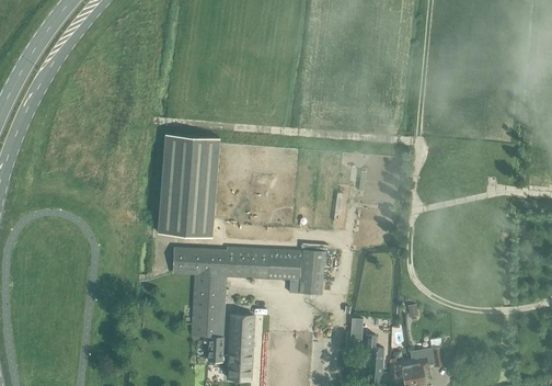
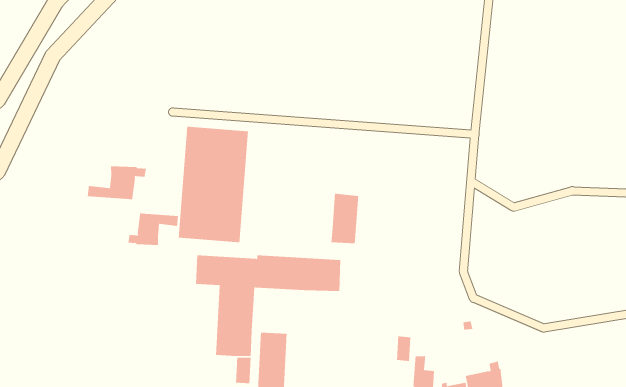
building: none -> [87,165,147,200]
building: none -> [127,212,179,246]
building: [299,248,324,293] -> [330,193,359,244]

